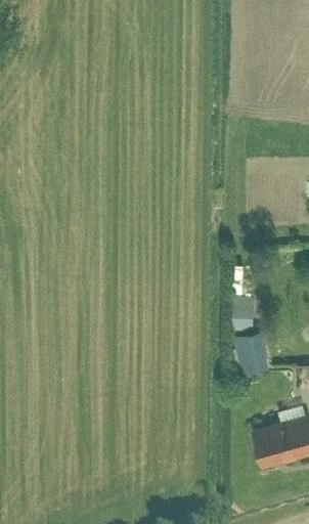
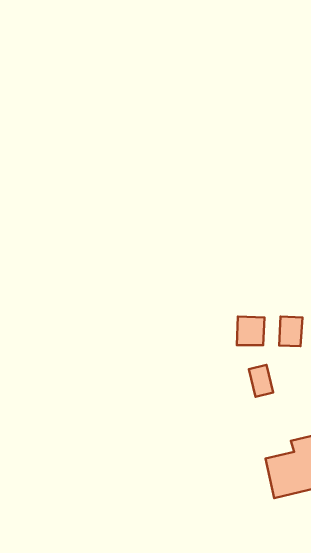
building: none -> [279,317,303,346]

